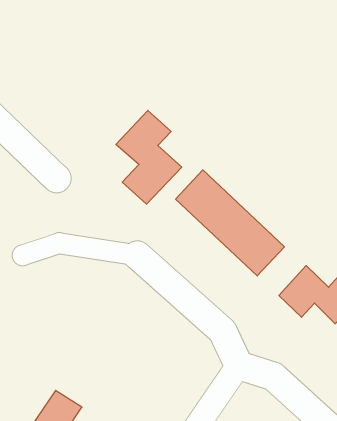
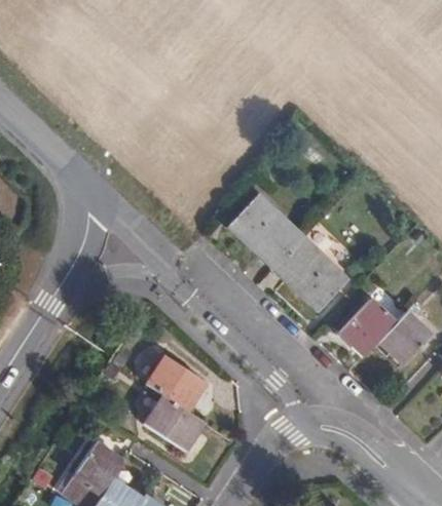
building: [116,110,182,204] -> none
building: none -> [146,350,199,441]

